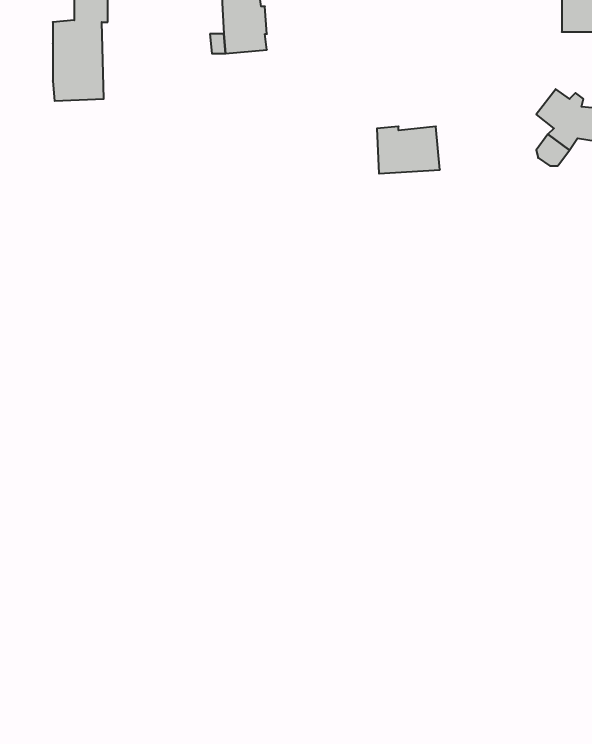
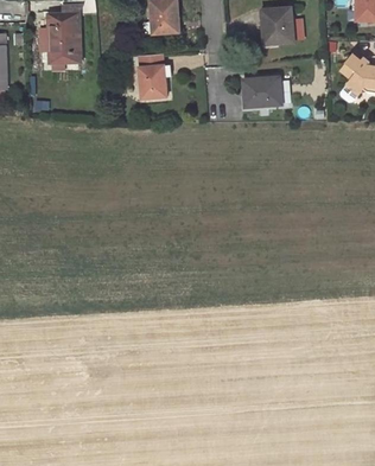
building: none -> [261,8,292,44]
building: none -> [138,55,165,98]

